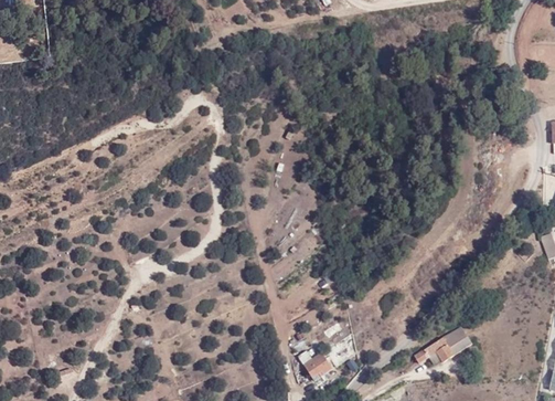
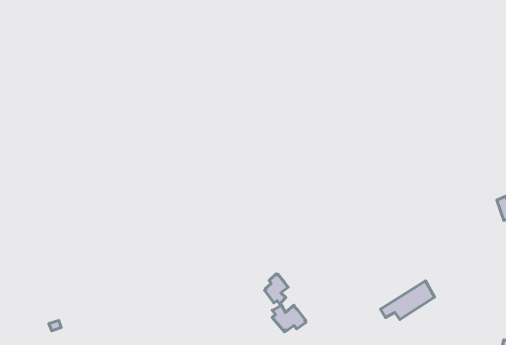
building: none -> [264,274,288,304]

